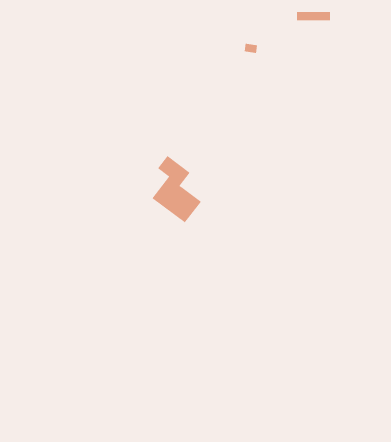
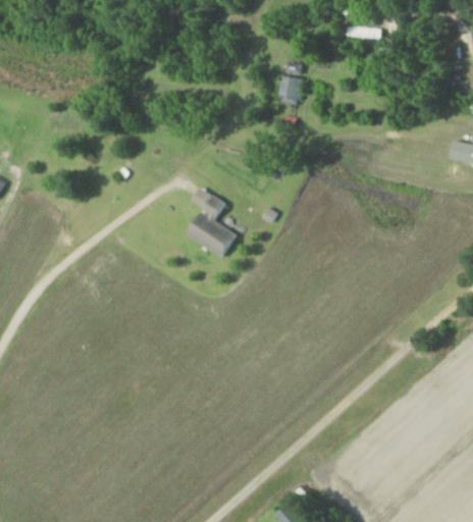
building: none -> [278,76,301,103]

